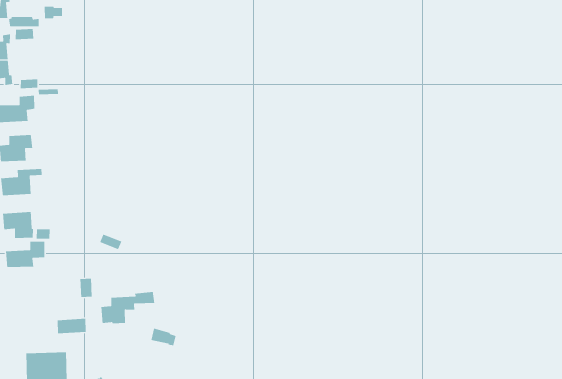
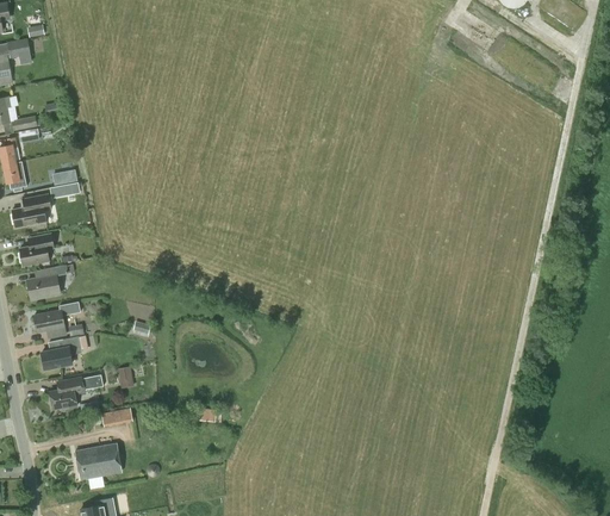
building: [101,291,155,324] -> [50,375,104,415]

